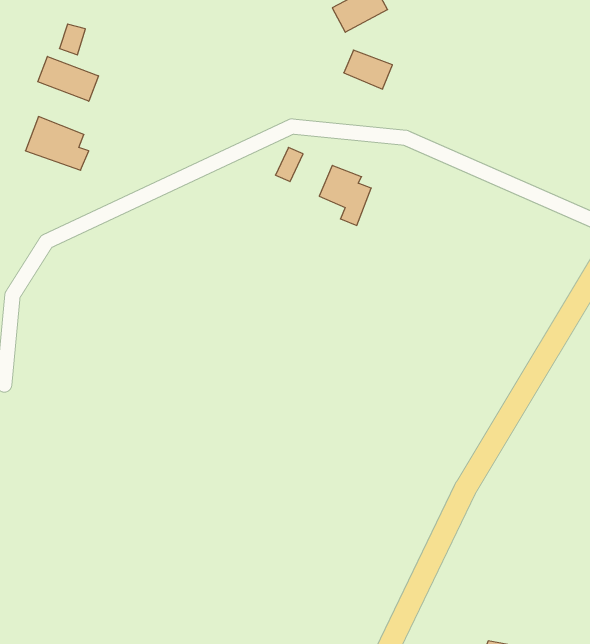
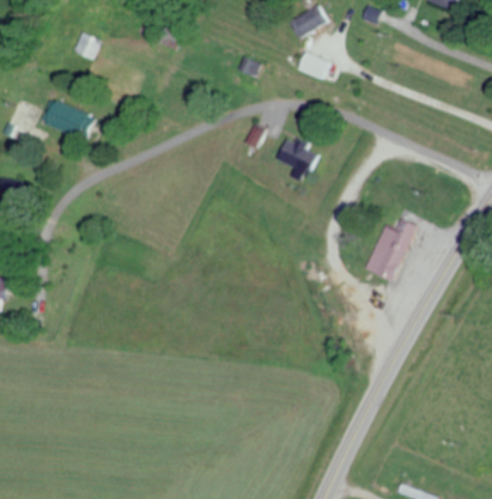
building: [38,56,98,101] -> none
building: none -> [364,221,414,281]

